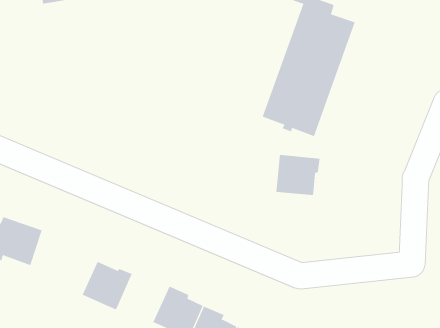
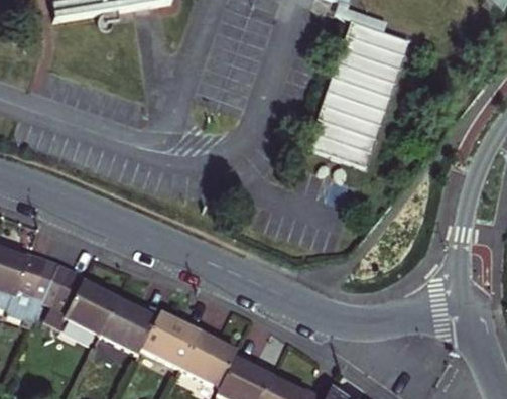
building: [276,154,320,196] -> none
building: none -> [49,271,124,343]
building: none -> [147,319,204,373]

